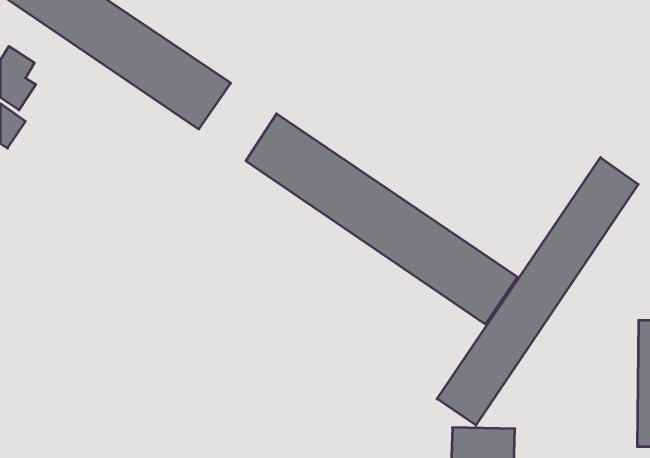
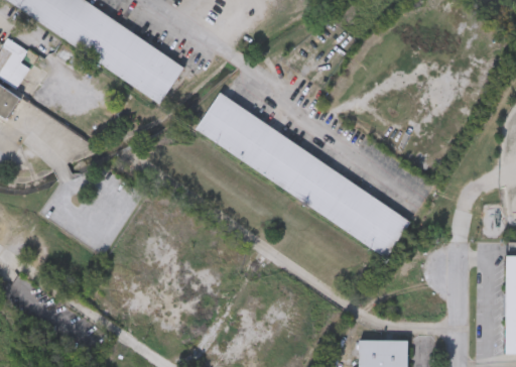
building: [437,157,638,425] -> none

